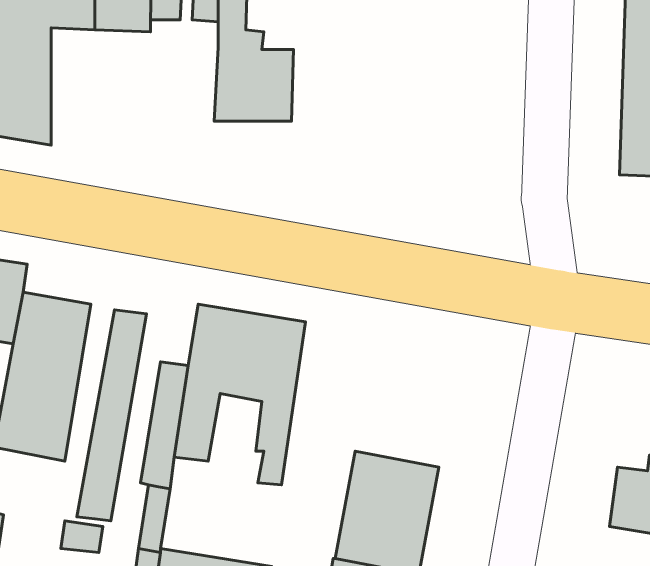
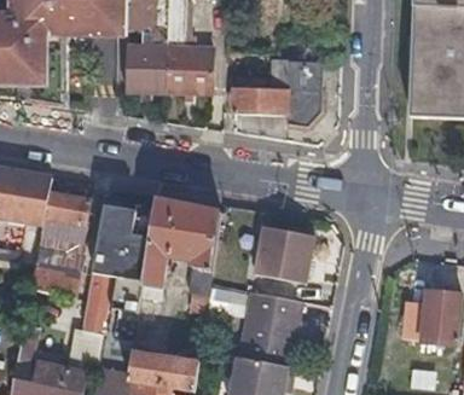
building: none -> [123,43,167,89]
building: none -> [232,58,320,123]
building: none -> [254,225,313,281]

